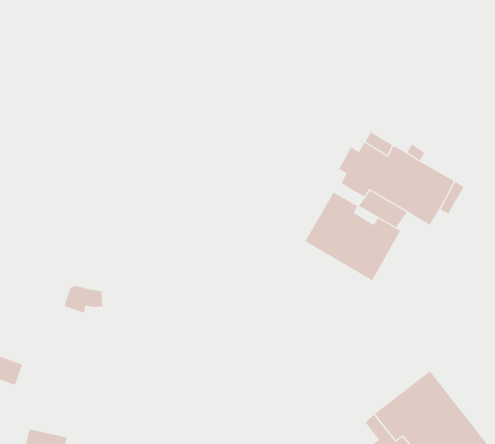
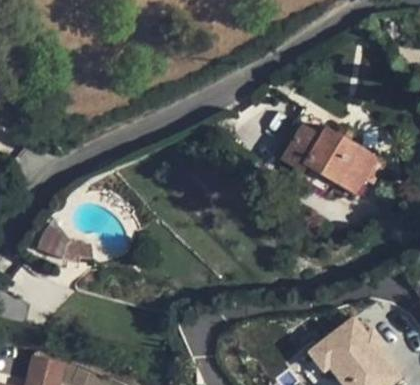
building: [305,192,401,281] -> none

